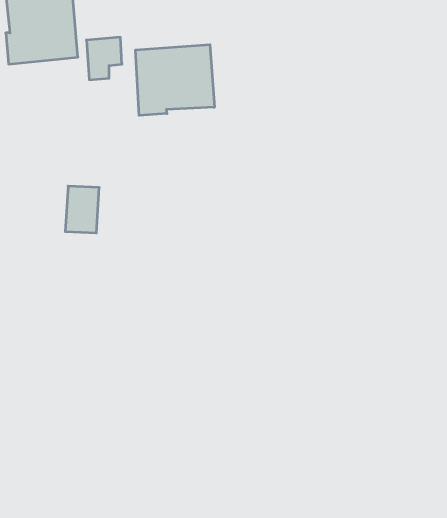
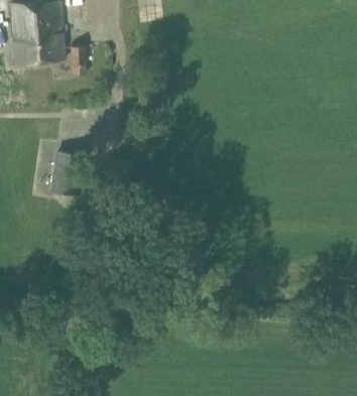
building: [136,45,214,115] -> none

